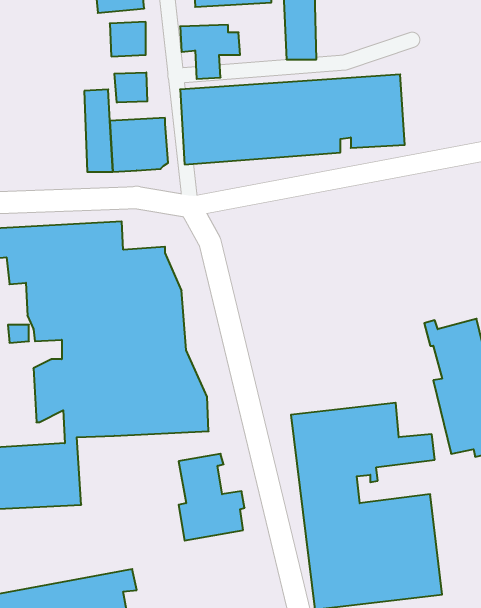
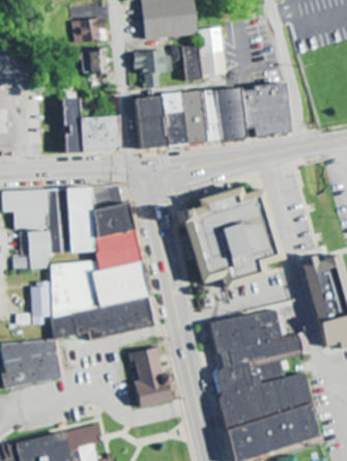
building: none -> [174,46,200,80]
building: [114,72,147,103] -> none
building: none -> [179,186,277,289]

